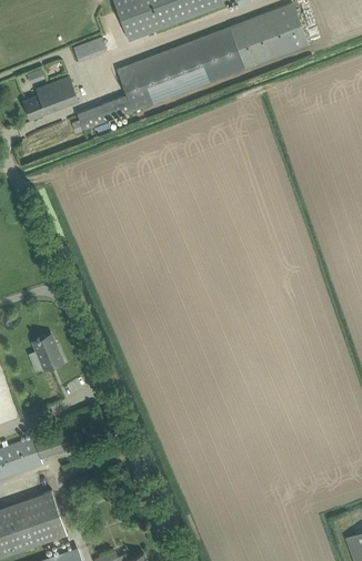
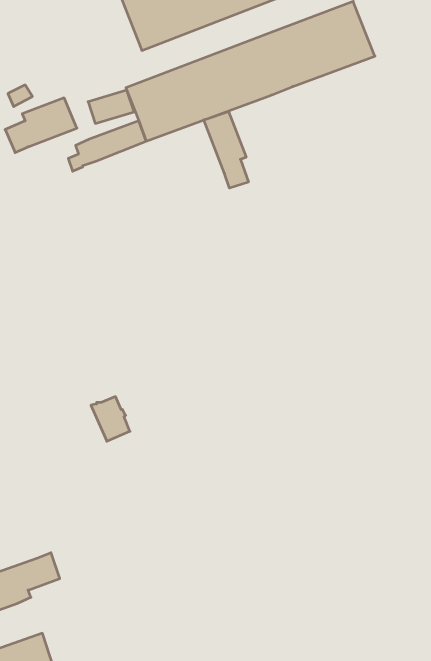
building: [71,37,107,62] -> [88,90,134,123]
building: none -> [204,112,248,188]
building: [32,335,62,369] -> [91,397,130,441]

